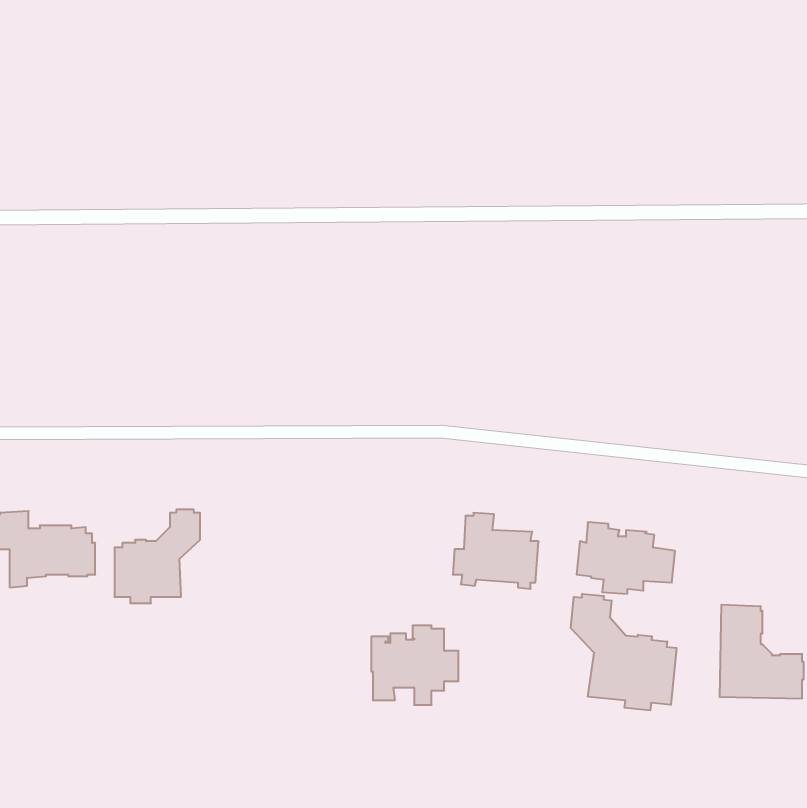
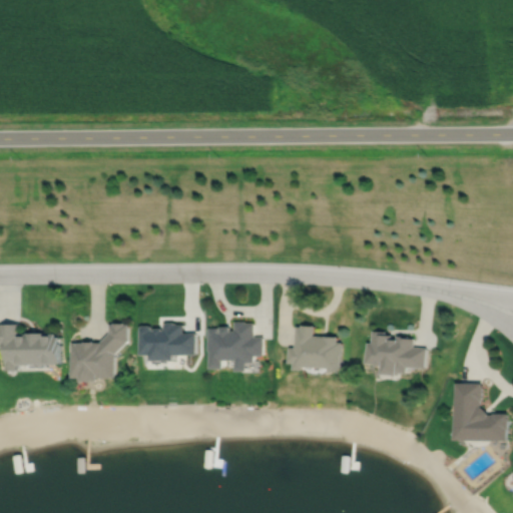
building: none -> [137,324,194,362]
building: [571,594,677,710] -> none
building: [371,626,459,705] -> [205,323,261,373]

